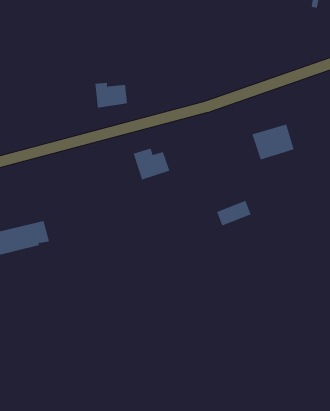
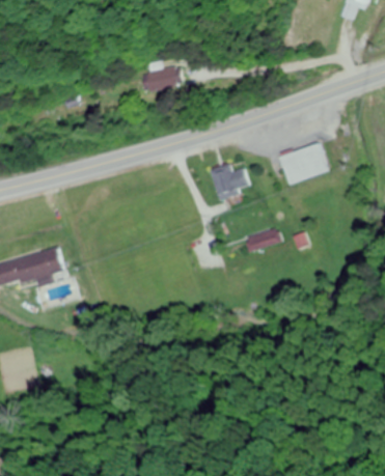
building: [94,82,128,108] -> [146,62,183,90]
building: [133,148,170,180] -> [209,163,249,198]

